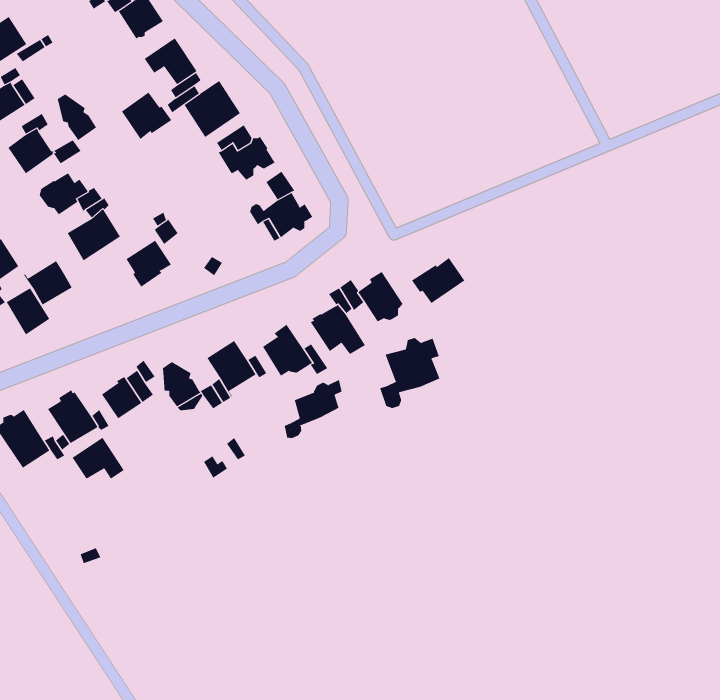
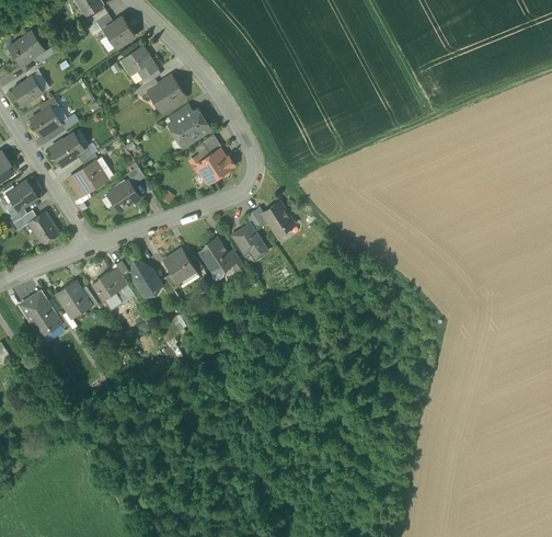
building: [121,90,172,140] -> none
building: [57,94,97,141] -> none
building: [411,257,465,306] -> none
building: [23,257,72,306] -> none
building: [379,337,440,409] -> none
building: [284,379,342,439] -> none
building: [71,437,124,480] -> none

